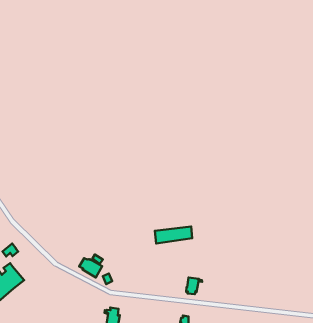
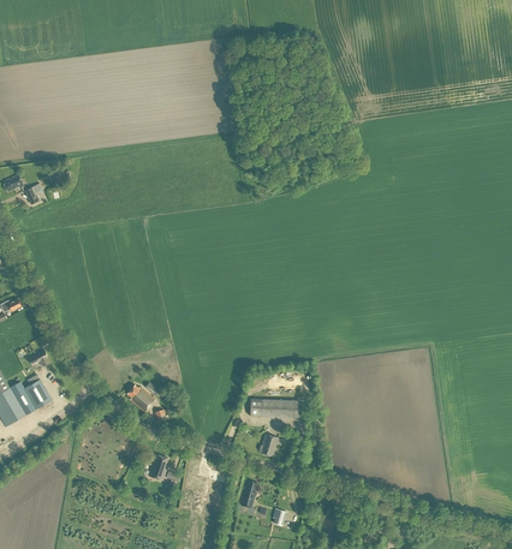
building: [155,226,192,243] -> [249,398,298,416]

